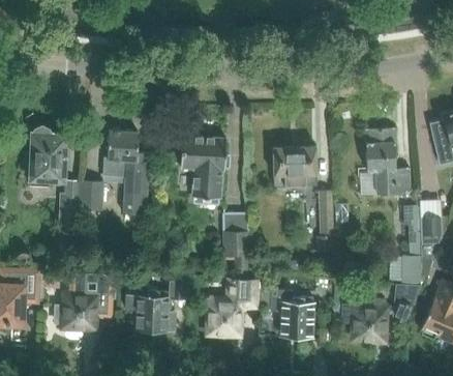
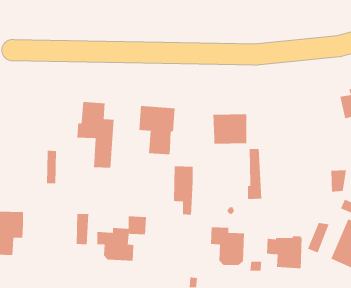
building: [29,125,68,184] -> none
building: [365,128,410,196] -> none
building: [80,183,103,212] -> none
building: [400,206,420,286] -> none
building: [208,280,262,336] -> none
building: [63,290,96,329] -> none

